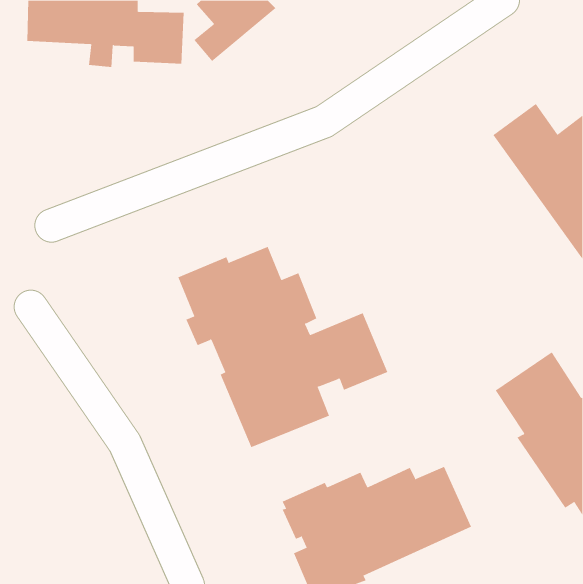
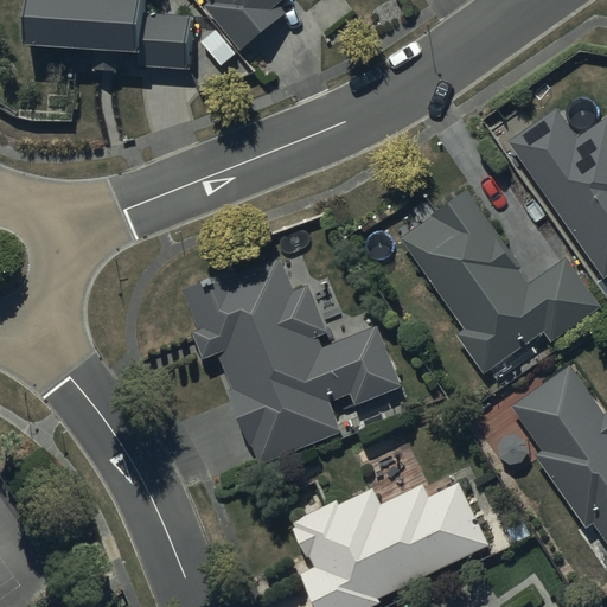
building: none -> [402,191,599,372]

